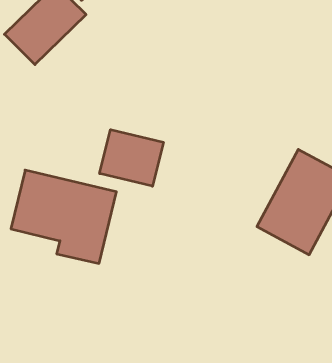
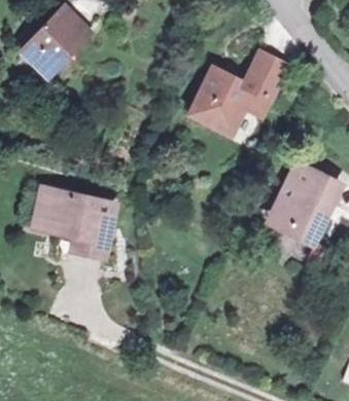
building: none -> [191,42,296,134]
building: [100,130,163,186] -> none

